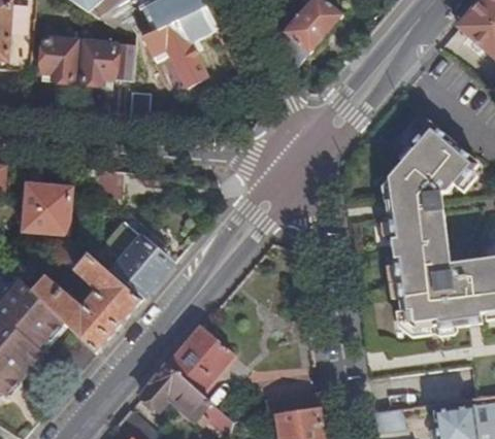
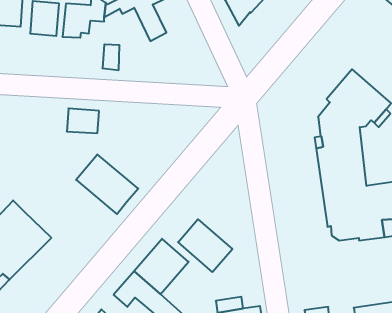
building: [24,183,71,233] -> none
building: [34,249,141,353] -> none
building: none -> [178,219,232,272]

